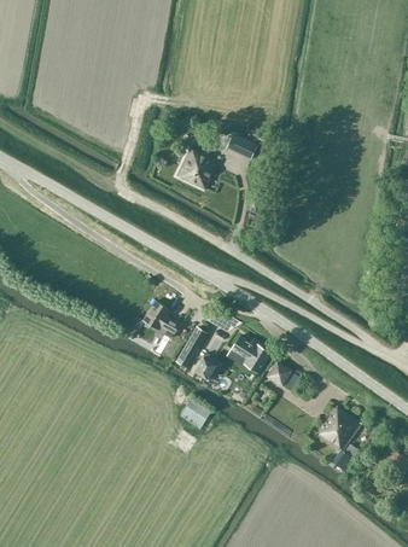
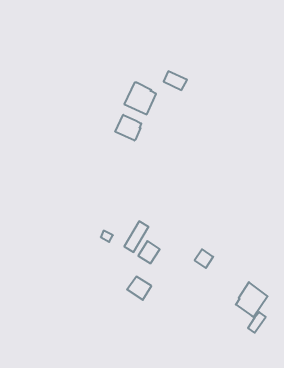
building: none -> [115,115,141,141]
building: [142,301,181,338] -> none
building: [228,334,272,372] -> none

